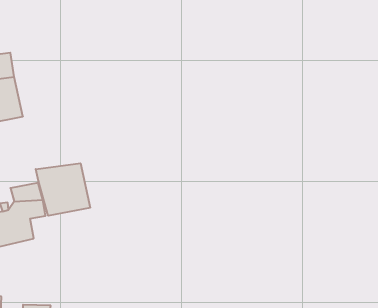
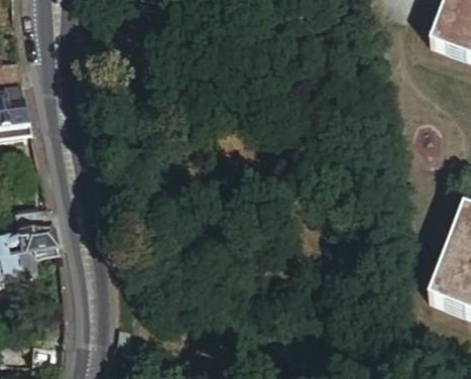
building: [36,163,90,216] -> none

